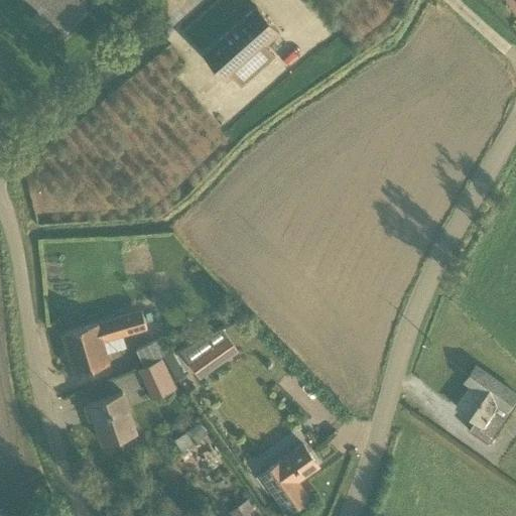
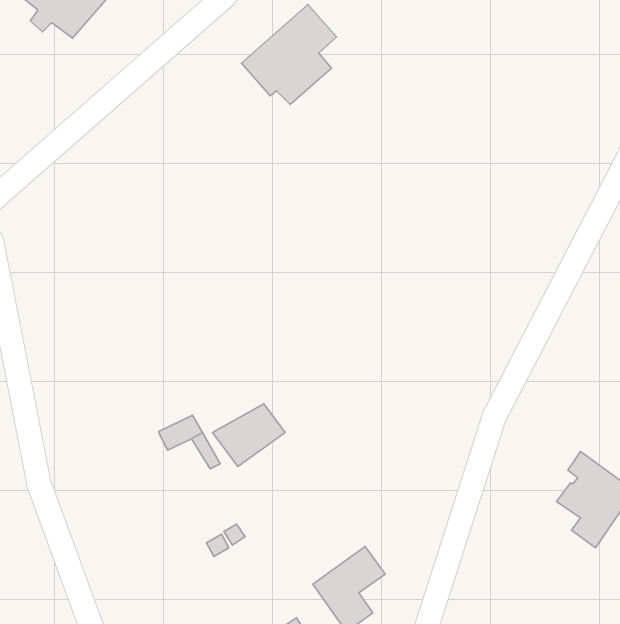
building: [62,311,146,375] -> none
building: [139,360,176,400] -> none
building: [85,394,137,445] -> none

